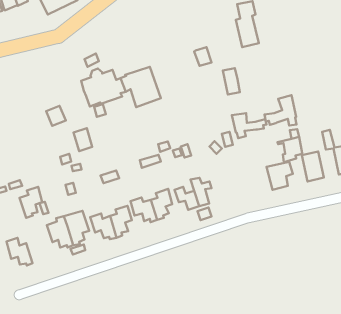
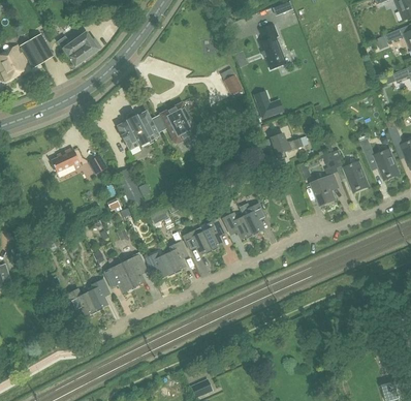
building: none -> [51,147,81,173]
building: [264,95,297,126] -> none
building: [20,187,42,218] -> [87,280,109,312]

